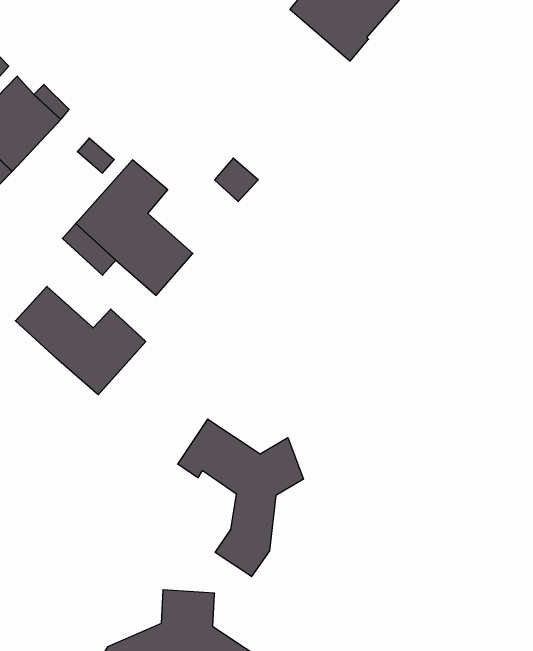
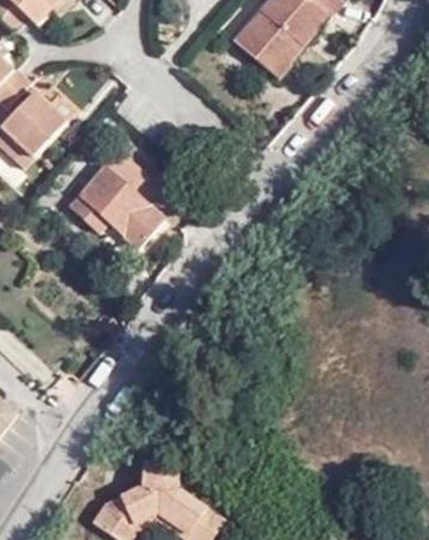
building: [15,286,146,395] -> none
building: [178,419,303,577] -> none

